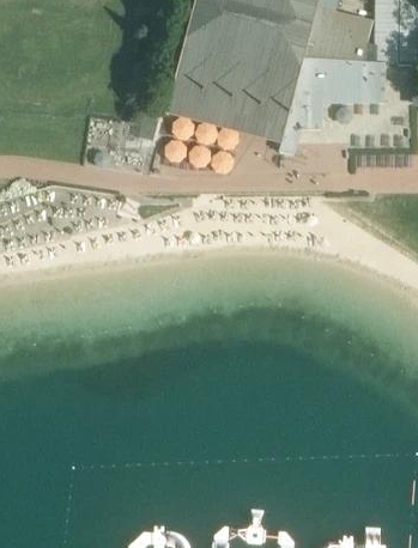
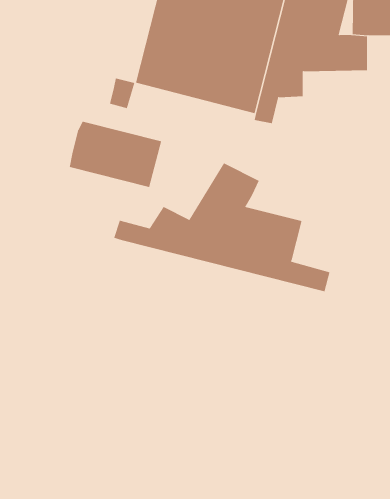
building: none -> [69,121,162,188]
building: none -> [114,162,330,292]

